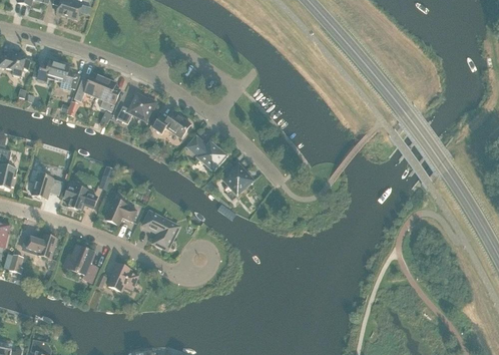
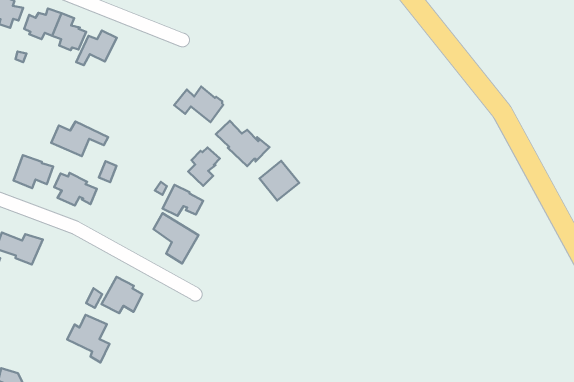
building: [95,77,117,110] -> none
building: [115,92,155,123] -> none
building: none -> [51,122,108,156]
building: none -> [188,148,220,186]
building: [105,199,136,223] -> [163,185,203,216]
building: [63,246,96,282] -> [67,315,109,363]

